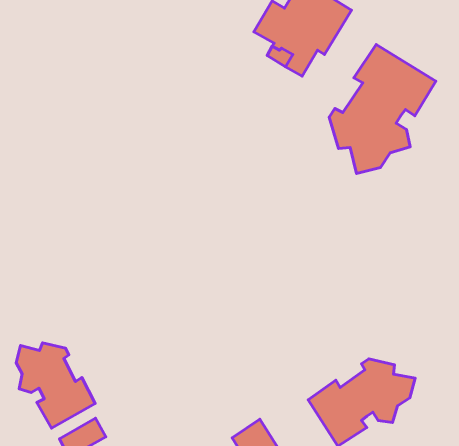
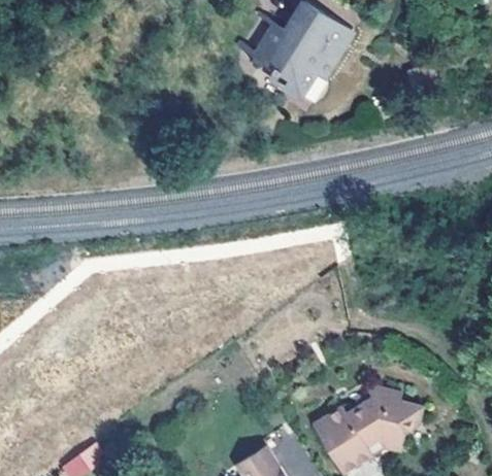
building: [329,45,436,174] -> none
building: [16,343,95,428] -> none

